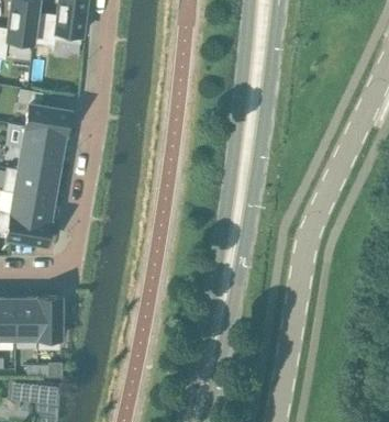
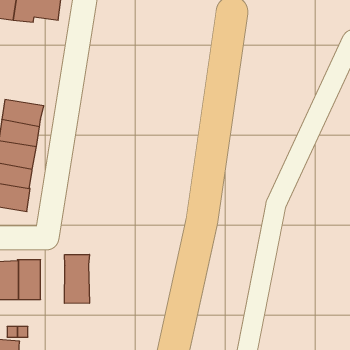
building: [24,104,70,135] -> none
building: none -> [65,254,89,303]

